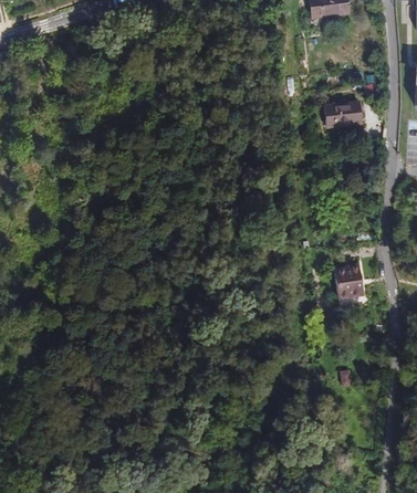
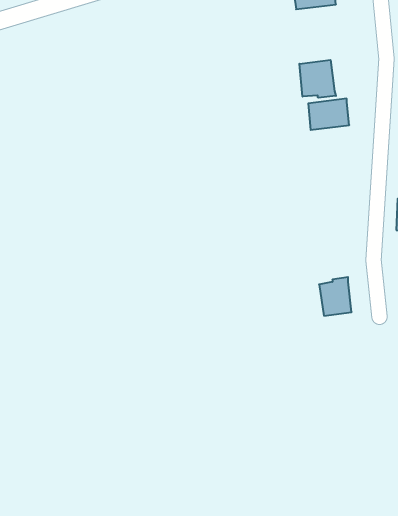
building: none -> [299,60,336,98]

